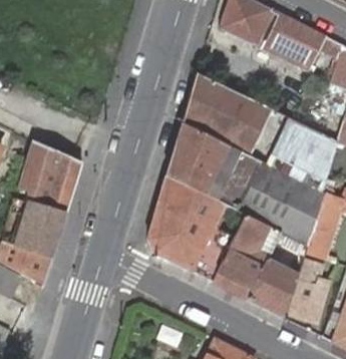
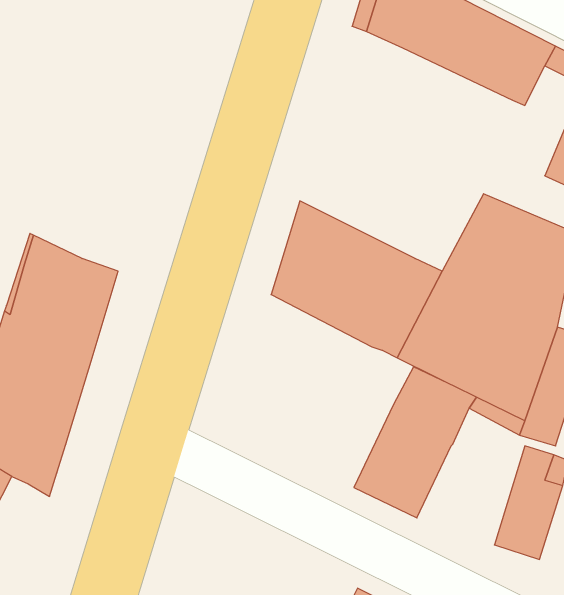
building: [183,73,269,154] -> none
building: [147,174,235,282] -> none
building: [248,259,298,317] -> none

